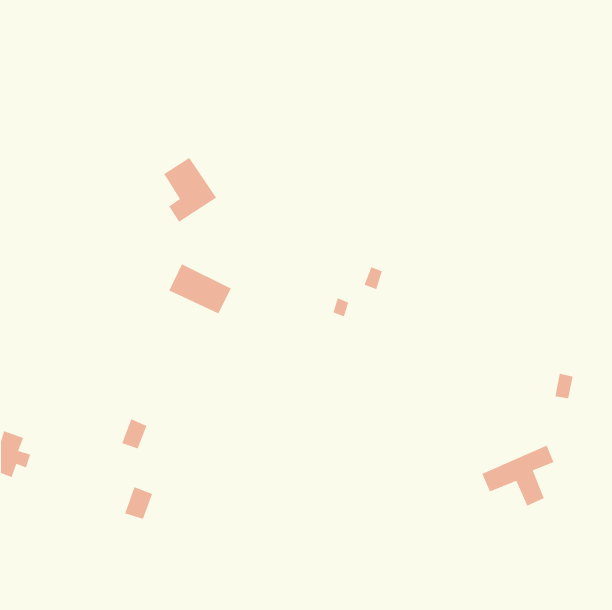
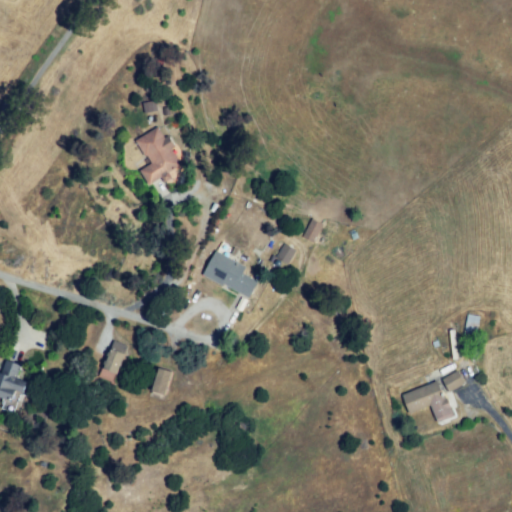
building: [168,263,232,315] -> [206,253,259,296]
building: [124,486,153,520] -> [150,369,174,397]

